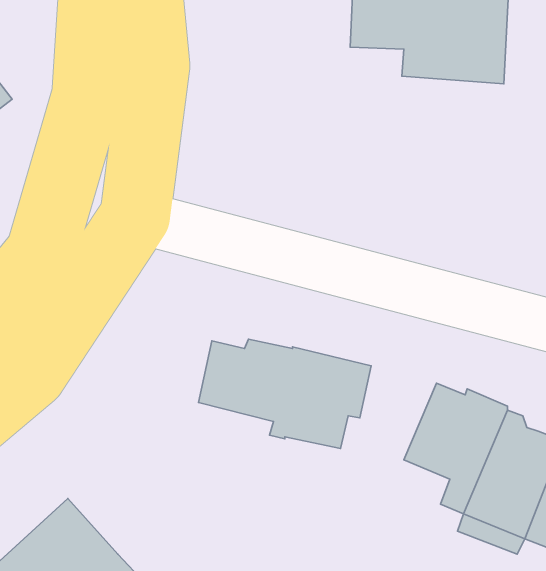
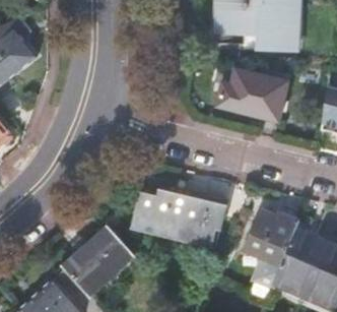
building: none -> [216,68,286,118]
building: none -> [61,225,137,299]

